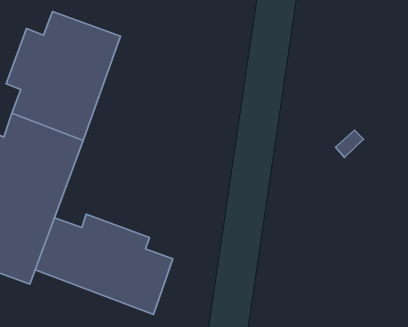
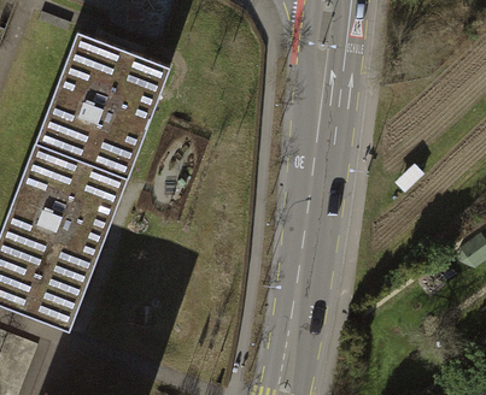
building: [35,214,173,314] -> none

